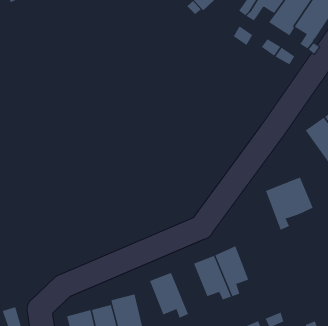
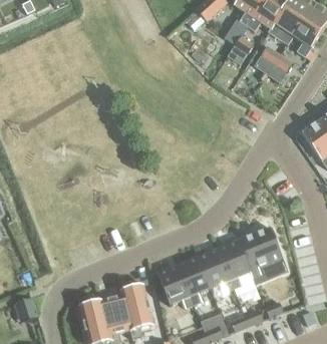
building: [265,177,313,231] -> [237,227,282,277]
building: none -> [177,257,210,304]

